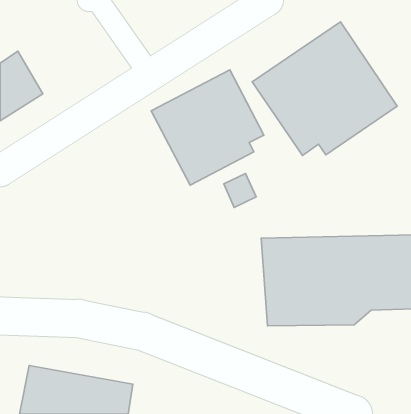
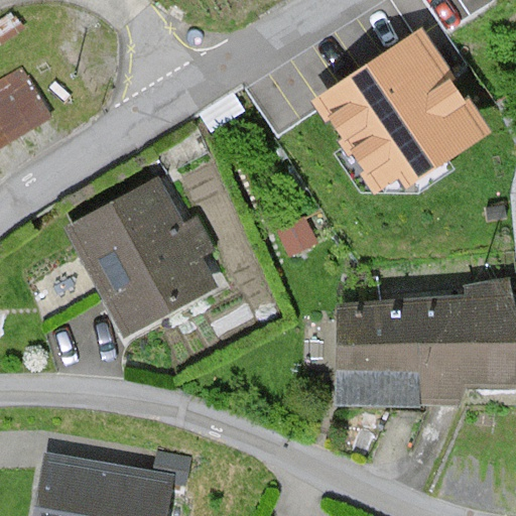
building: [151,70,264,185] -> none
building: none -> [61,171,219,338]

